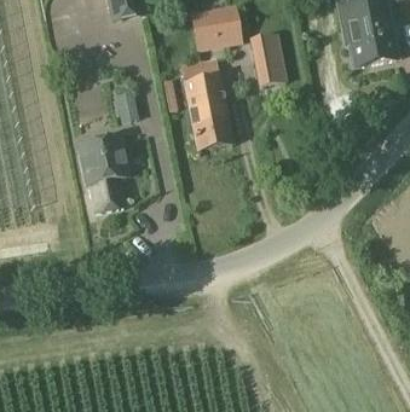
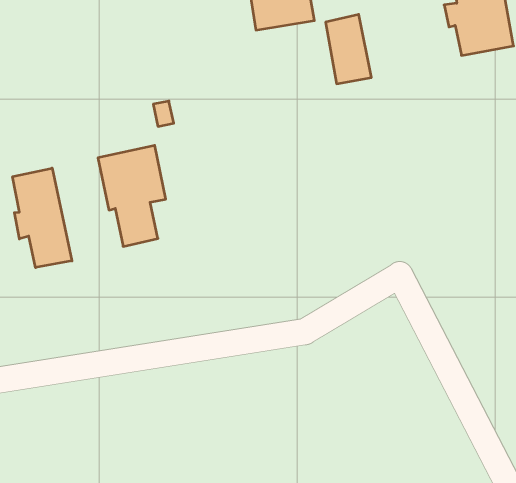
building: [181,59,232,151] -> none
building: none -> [13,168,72,268]

